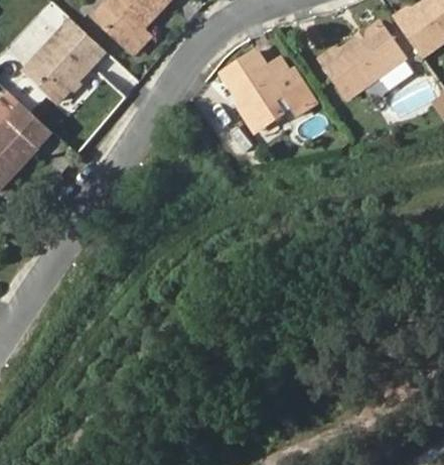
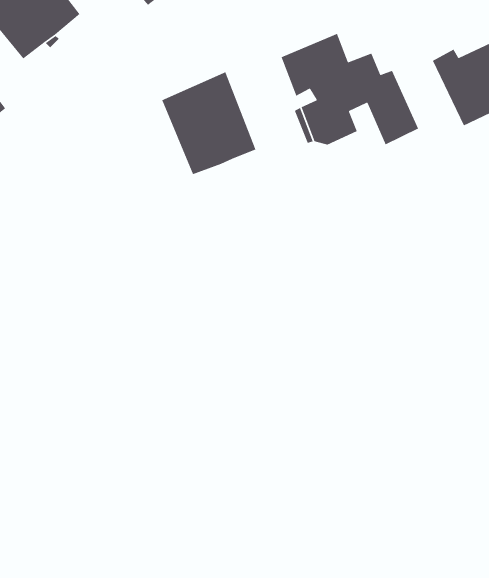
building: none -> [161,71,256,175]

